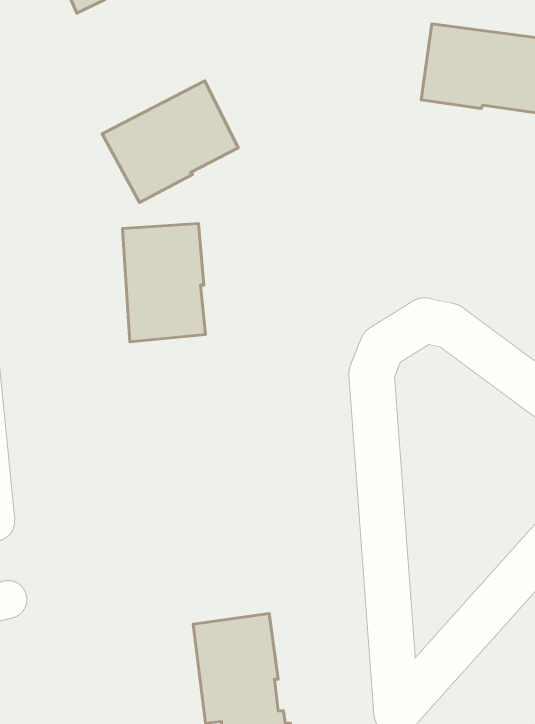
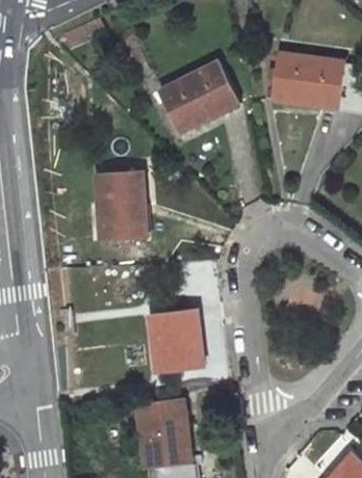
building: [102,81,238,203] -> [157,61,237,133]
building: none -> [150,309,203,373]

